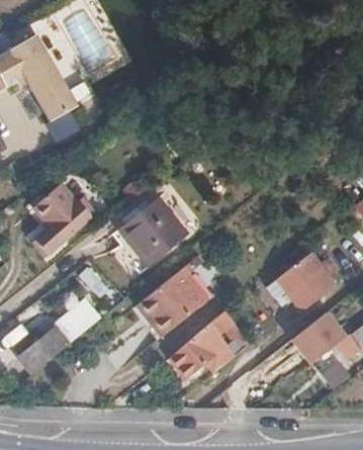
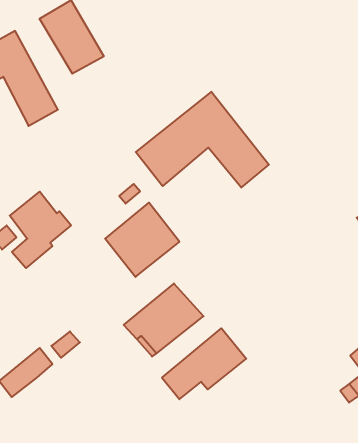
building: none -> [136,92,269,188]
building: [274,250,332,307] -> none
building: [293,320,339,363] -> none

